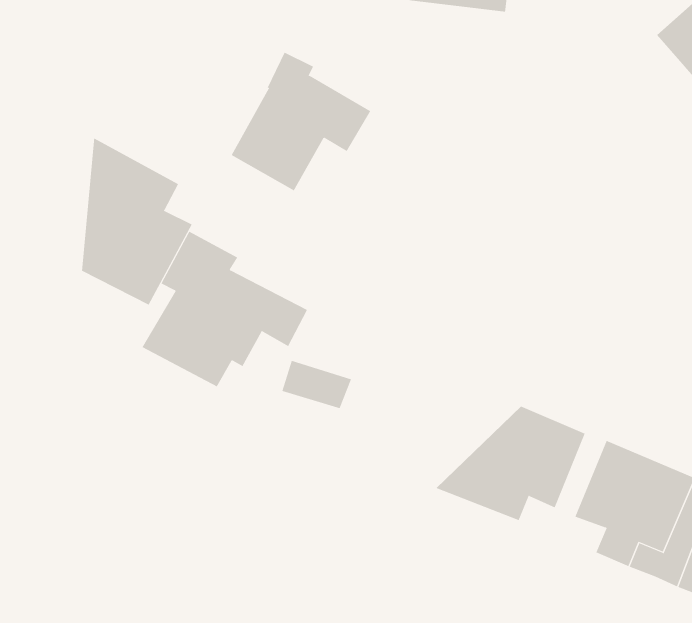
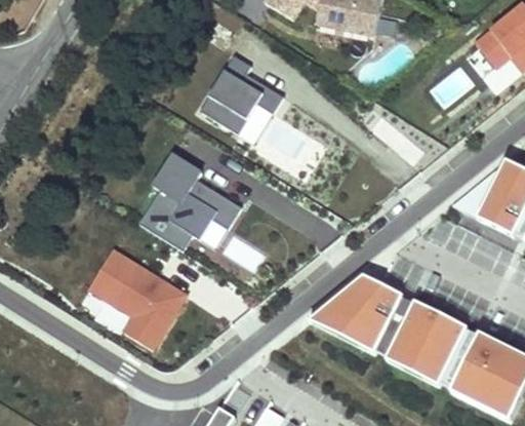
building: [81,137,193,305] -> none
building: none -> [85,246,189,353]
building: none -> [360,294,416,366]

